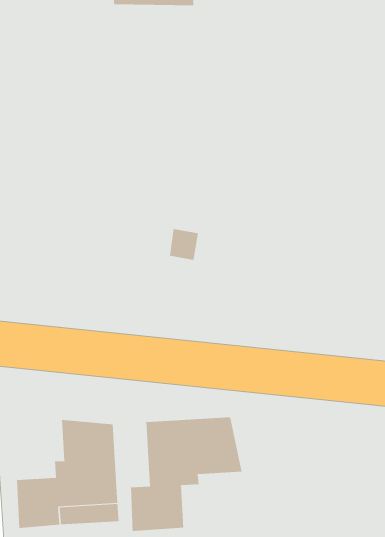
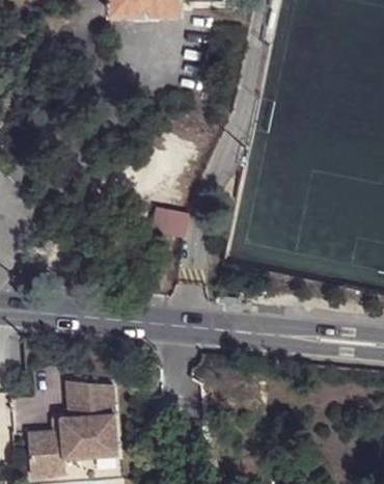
building: [131,416,242,532] -> none

